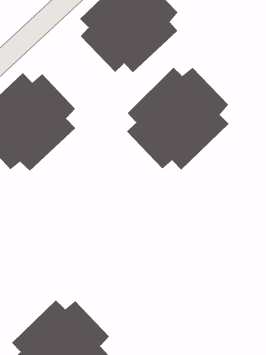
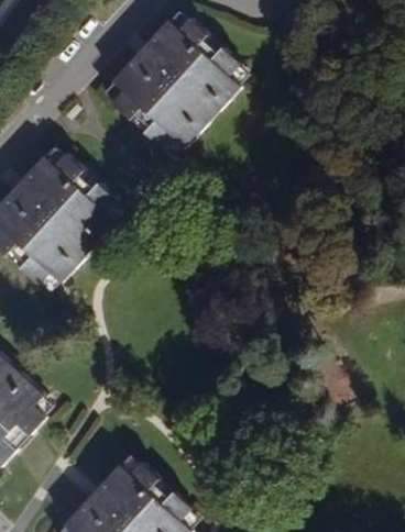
building: [126,67,229,170] -> none

